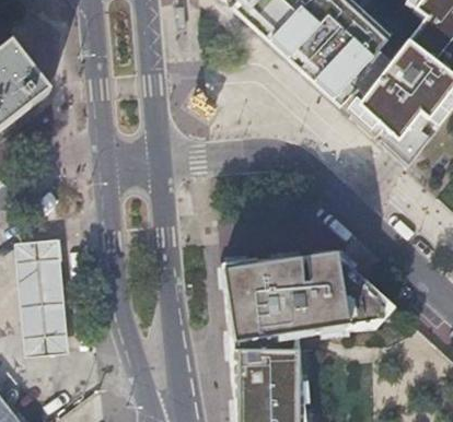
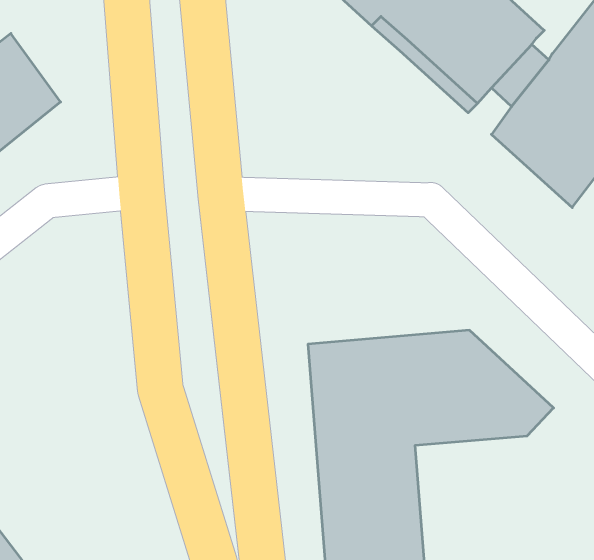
building: [20,236,72,359] -> none

